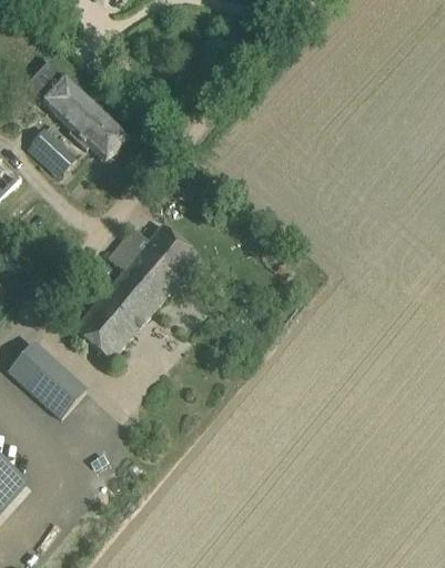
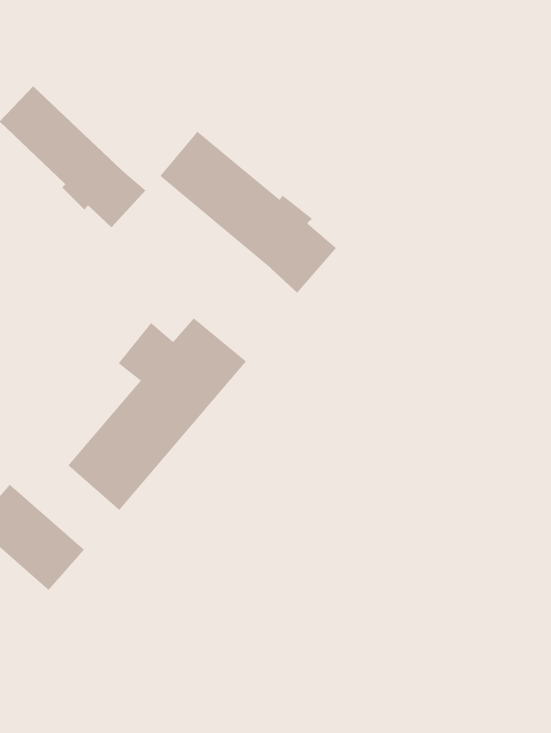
building: none -> [160,131,337,294]
building: [31,129,77,173] -> none

